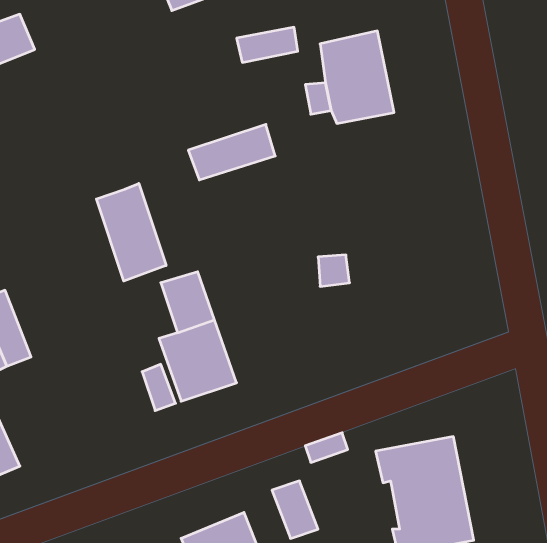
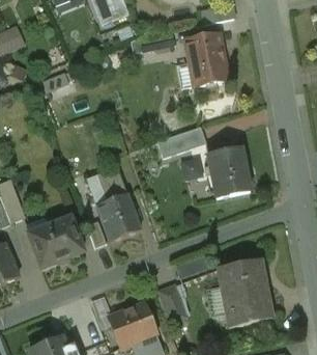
building: [188,124,275,180] -> [156,126,205,157]
building: [96,183,166,281] -> none
building: none -> [208,149,250,197]
building: none -> [27,216,82,266]

